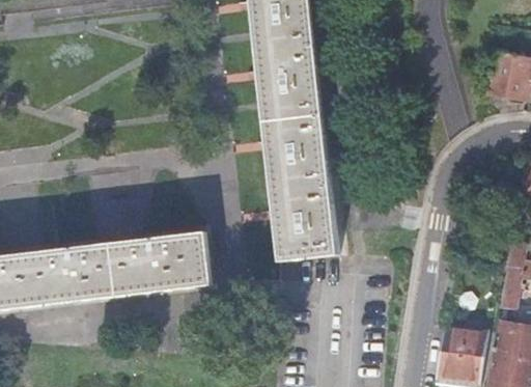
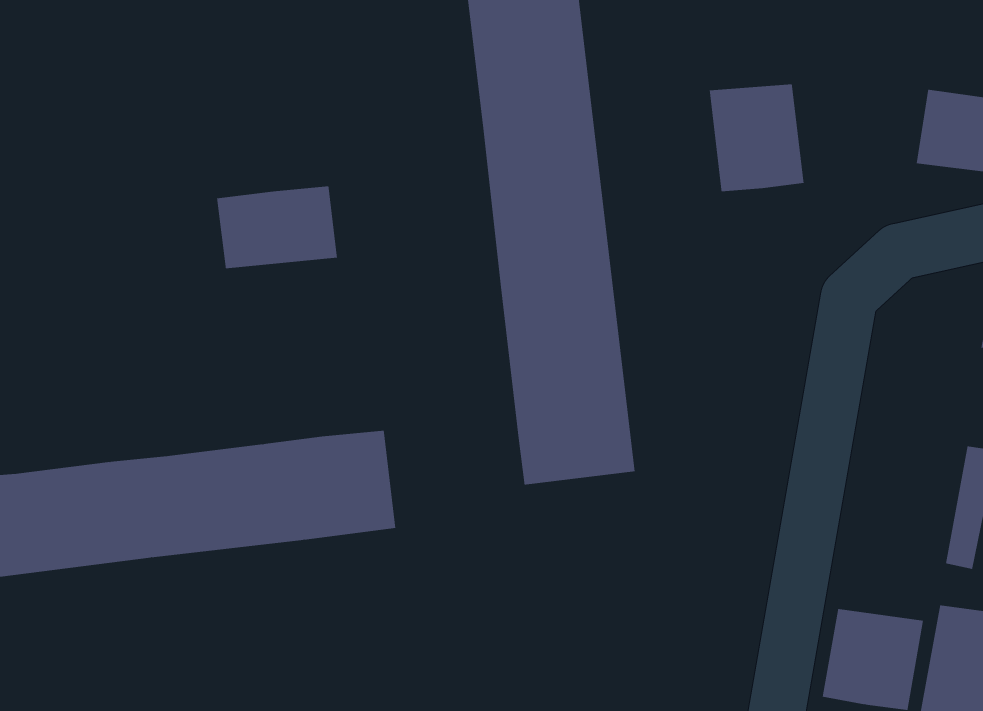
building: none -> [709,84,804,192]
building: none -> [217,186,337,269]

